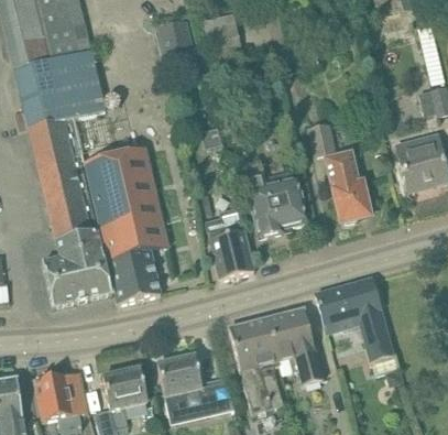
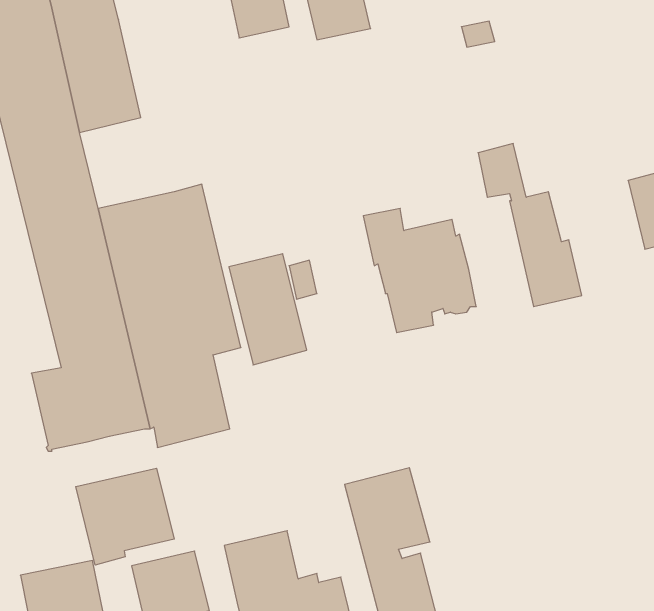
building: [207,213,253,279] -> [229,254,307,365]
building: [315,276,393,360] -> none
building: [266,307,321,384] -> none
building: none -> [76,468,174,565]

